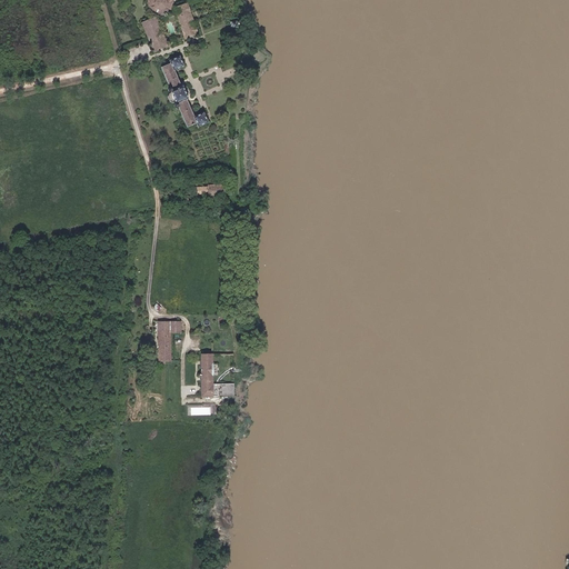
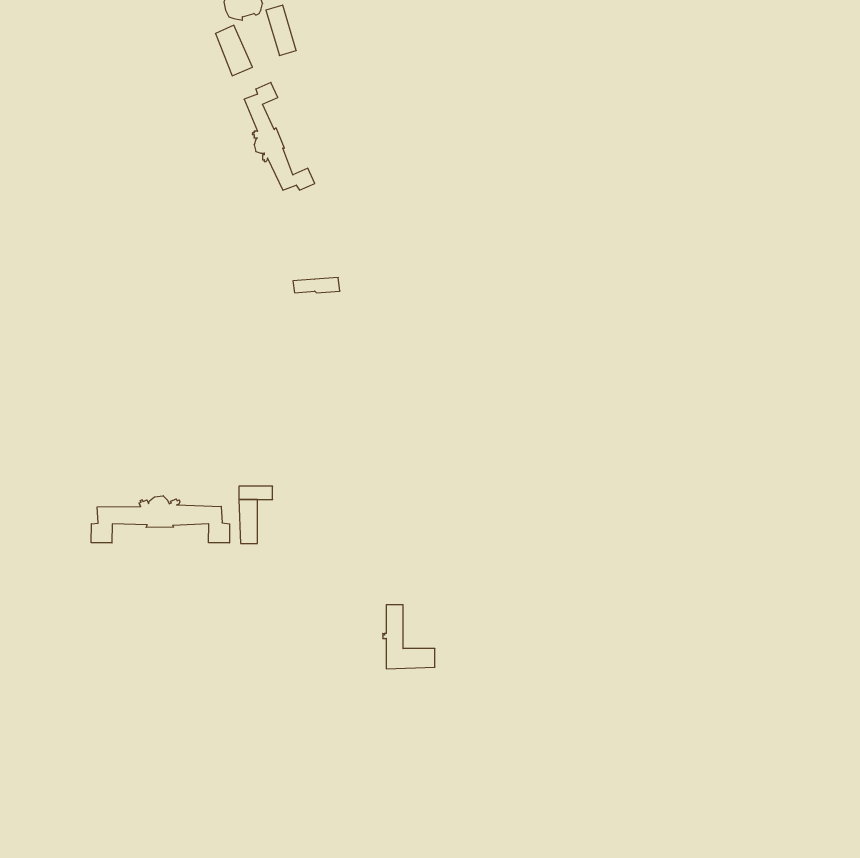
building: none -> [91,496,230,543]
building: [199,353,233,396] -> [383,605,435,669]

